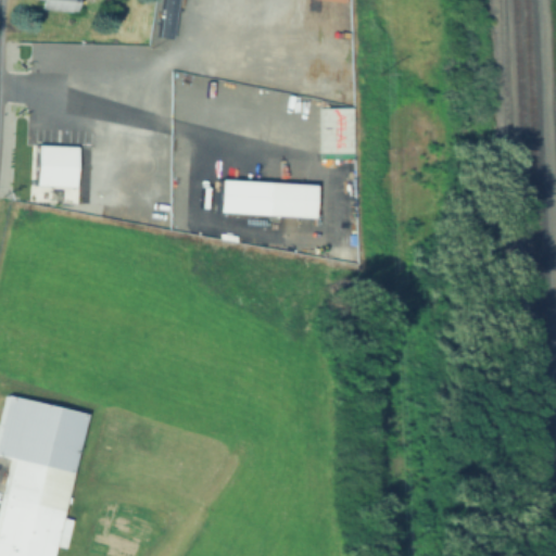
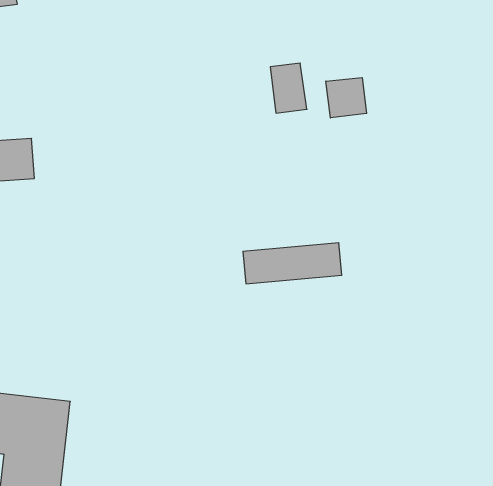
building: none -> [326,78,367,118]
building: [225,179,323,215] -> [243,243,342,284]

